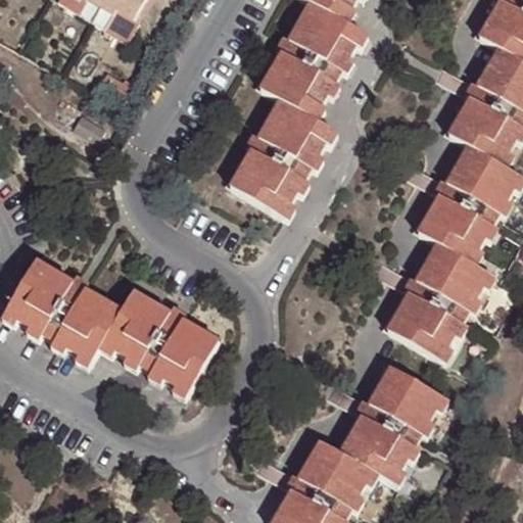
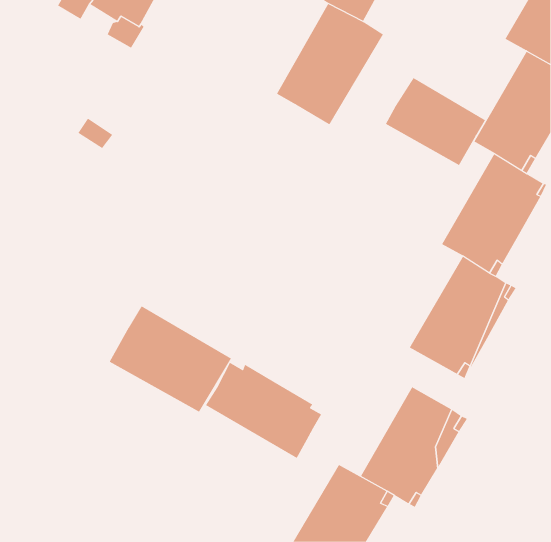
building: none -> [385,77,486,166]
building: [231,99,332,217] -> none
building: [6,259,122,362] -> none
building: none -> [205,362,322,459]

